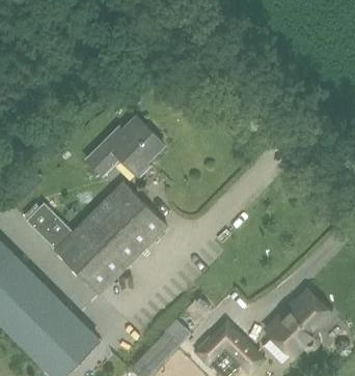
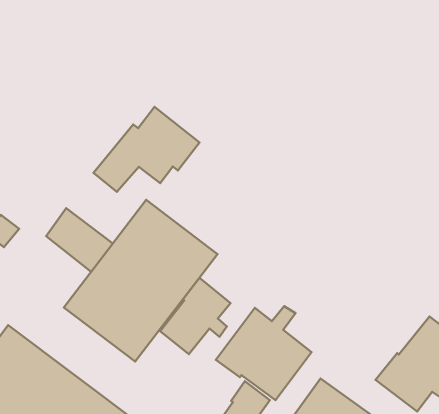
building: [27,203,73,250] -> [46,208,113,272]
building: none -> [160,278,230,354]
building: none -> [216,306,311,400]

